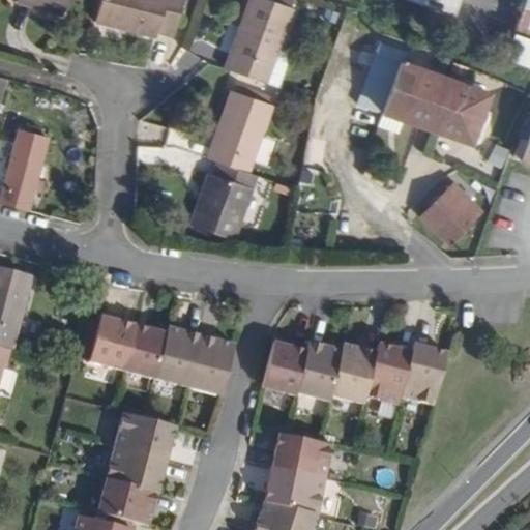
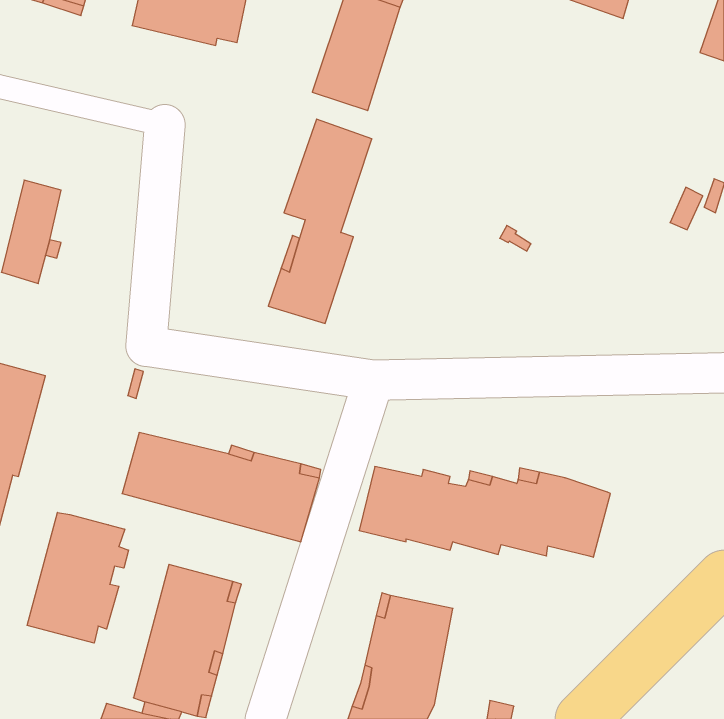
building: [359,40,488,141] -> none
building: [420,182,477,238] -> none
building: none -> [27,512,129,643]

